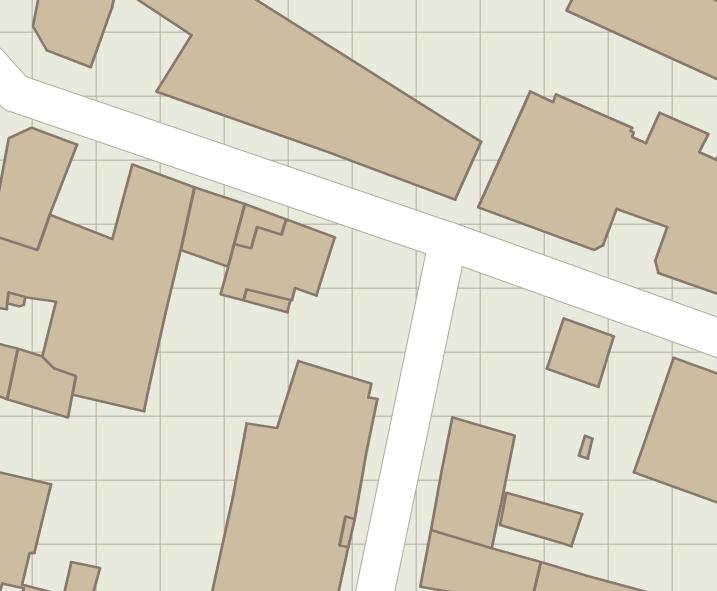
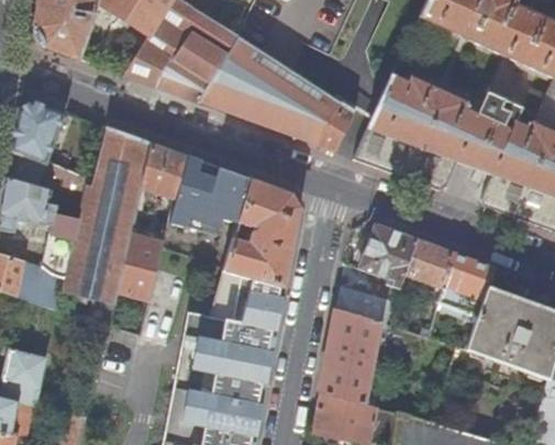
building: none -> [226,180,301,287]
building: none -> [359,223,418,287]
building: none -> [119,235,166,302]
building: none -> [439,252,497,319]
building: [500,493,582,546] -> [337,287,397,325]

